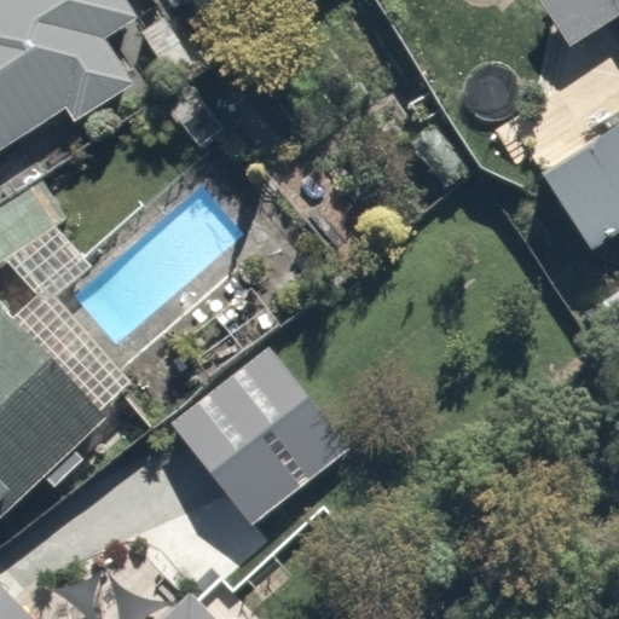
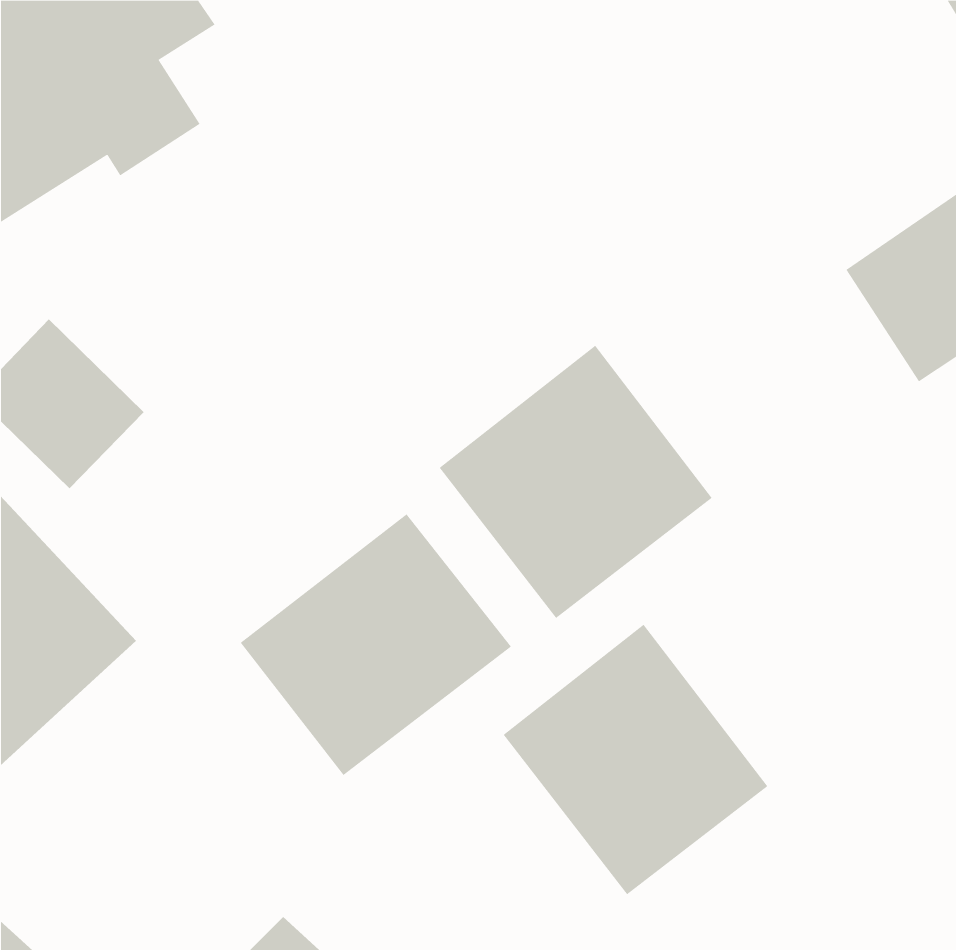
building: none -> [439,345,712,619]
building: none -> [503,624,768,895]

